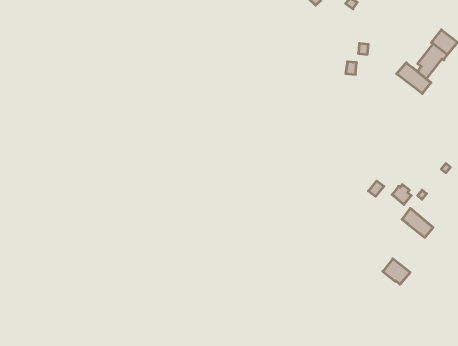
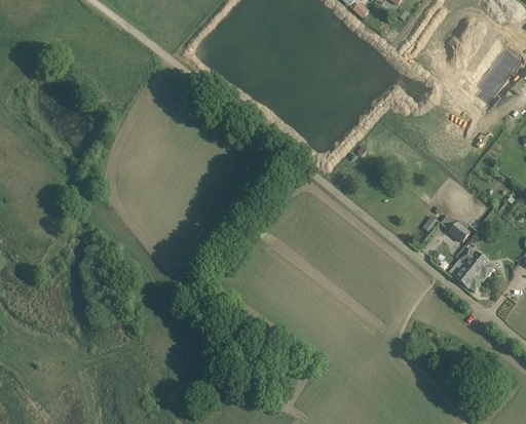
building: [397,63,431,94] -> none
building: [383,259,410,284] -> [454,263,485,292]

